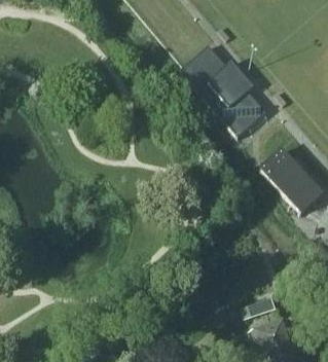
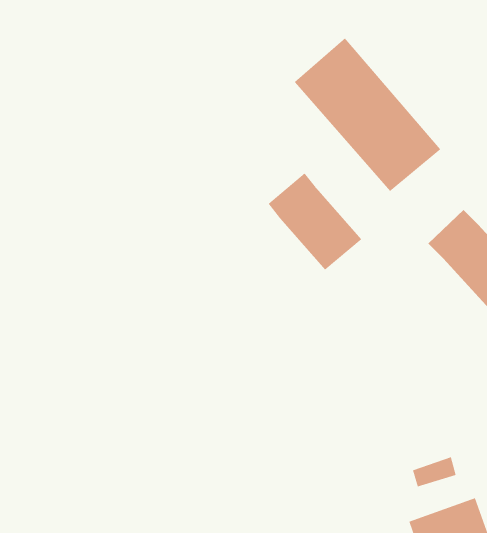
building: none -> [268,173,362,270]

